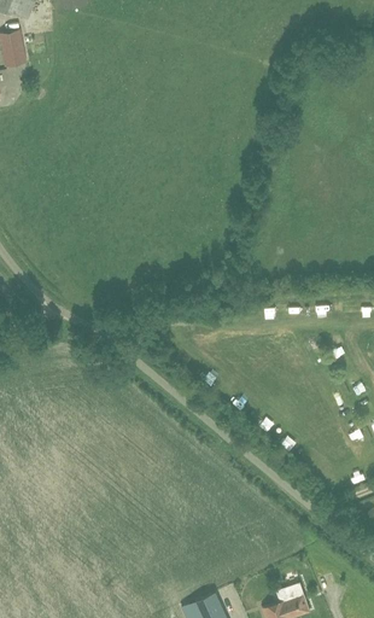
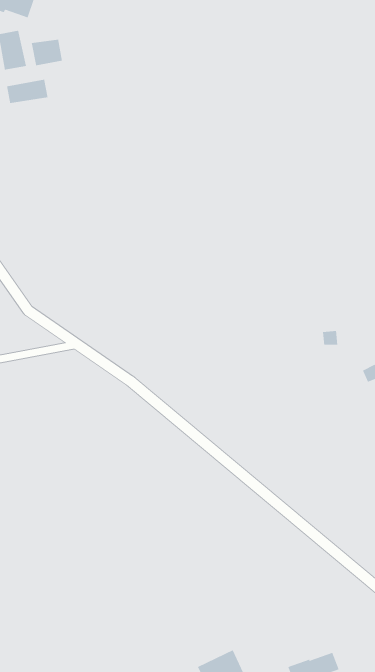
building: none -> [31,39,63,66]
building: none -> [6,79,48,104]

